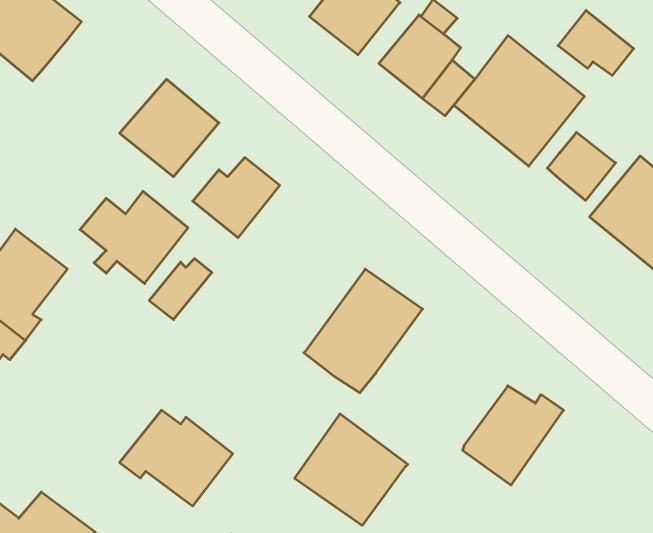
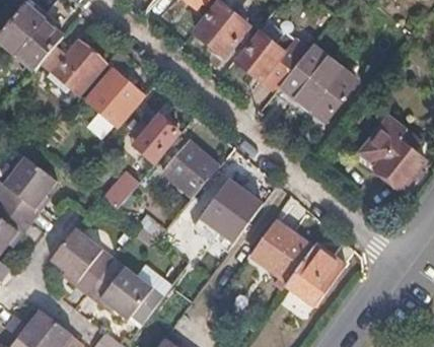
building: [558,10,634,75] -> none
building: [547,132,616,200] -> none
building: [80,191,188,284] -> [41,42,103,95]
building: none -> [162,142,218,198]
building: none -> [50,228,110,293]
building: [295,414,408,525] -> [246,218,312,283]

